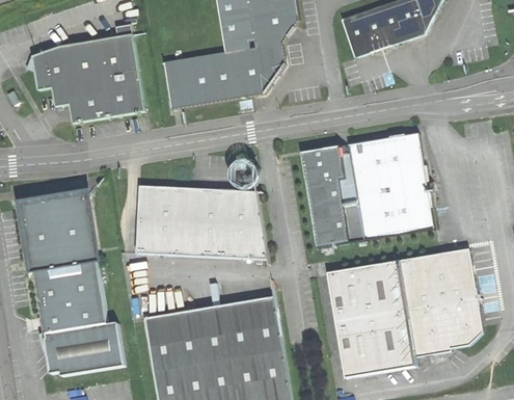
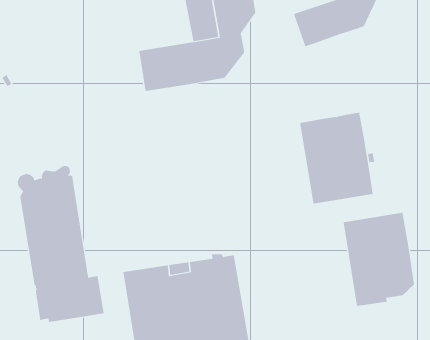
building: [30,32,144,123] -> none
building: [300,142,363,246] -> none
building: [136,185,268,259] -> none
building: [326,259,416,376] -> none

